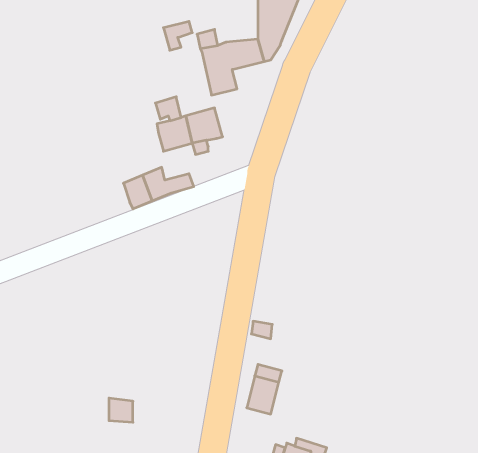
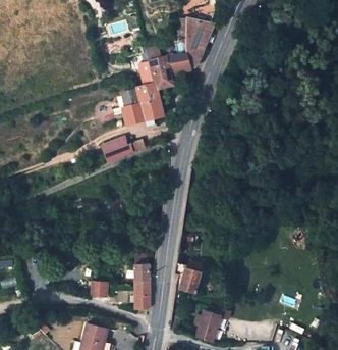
building: none -> [136,62,159,103]
building: none -> [133,254,150,310]

